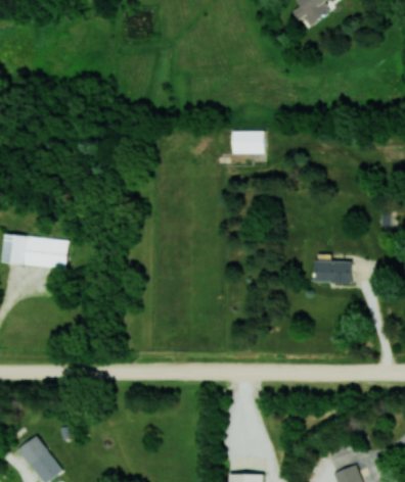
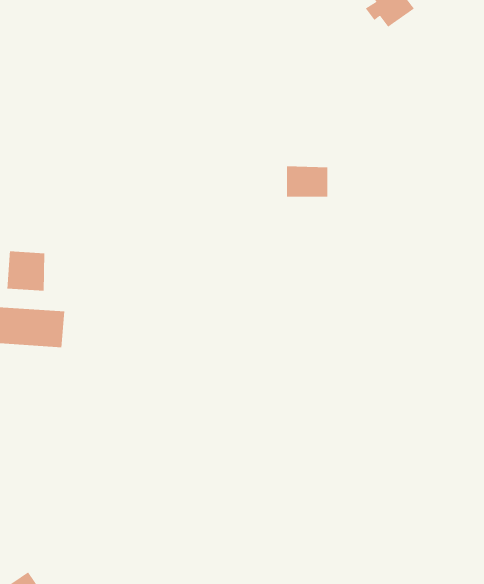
building: none -> [7,250,45,292]
building: [314,260,352,283] -> none

